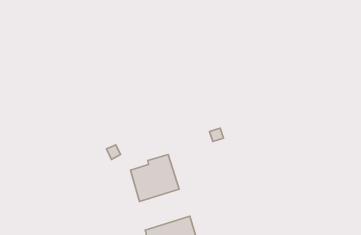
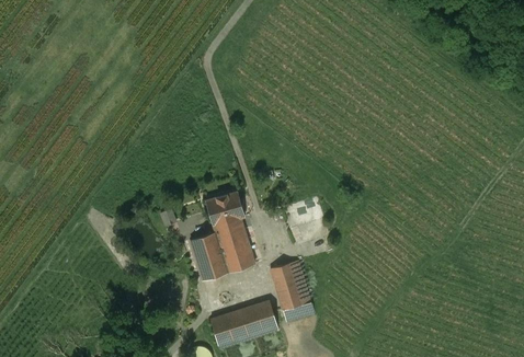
building: none -> [205,192,246,227]
building: none -> [271,261,311,311]

